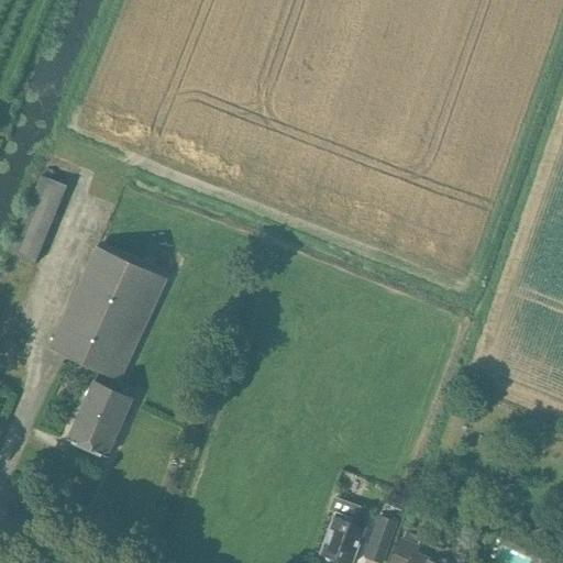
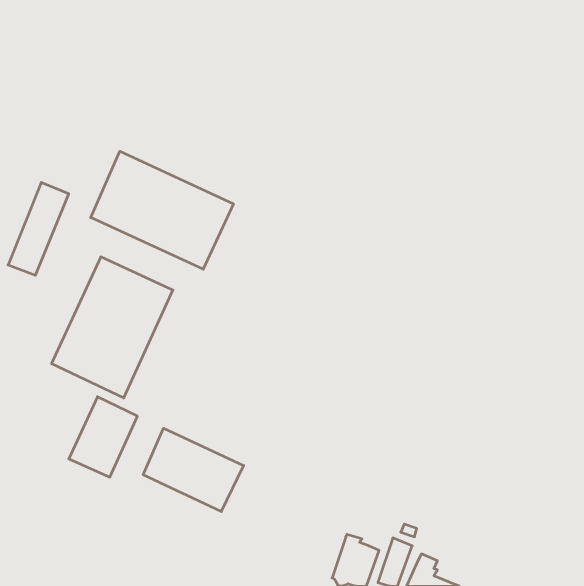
building: none -> [91,151,233,269]
building: none -> [143,428,244,512]

